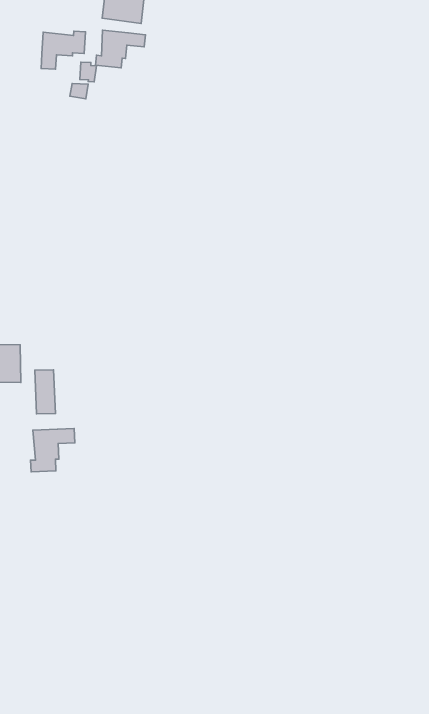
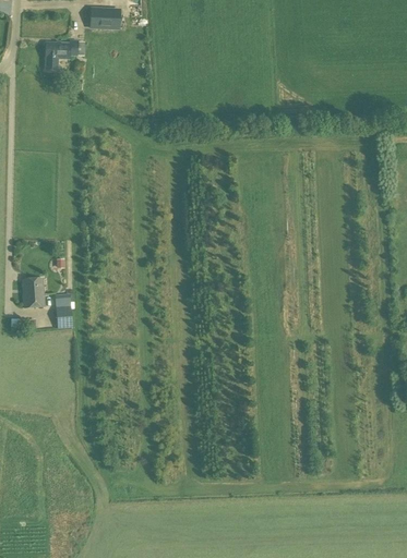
building: [95,30,145,68] -> none
building: [31,429,75,472] -> none

